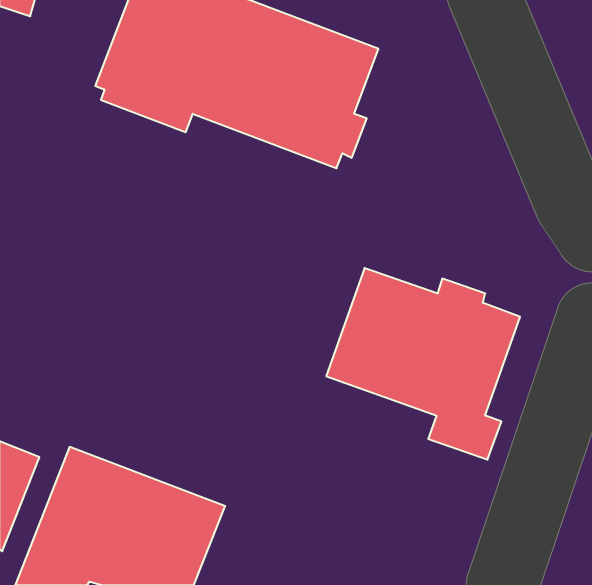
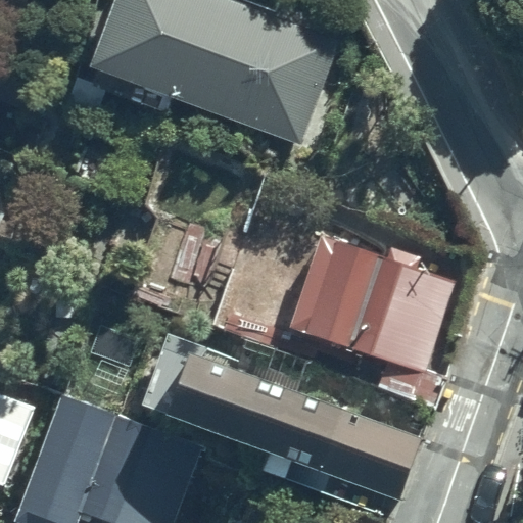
building: none -> [164,341,428,495]

